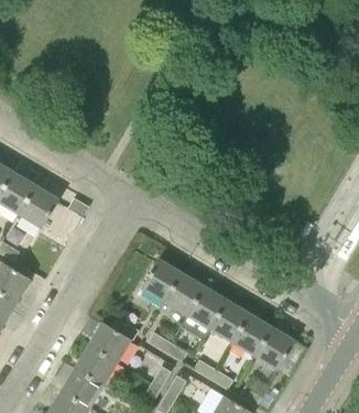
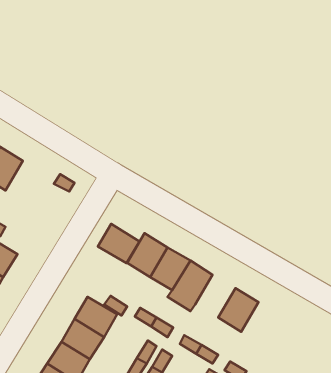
building: [19,185,59,228] -> none
building: none -> [98,224,140,263]
building: [209,300,250,343] -> none
building: [255,327,296,370] -> none

